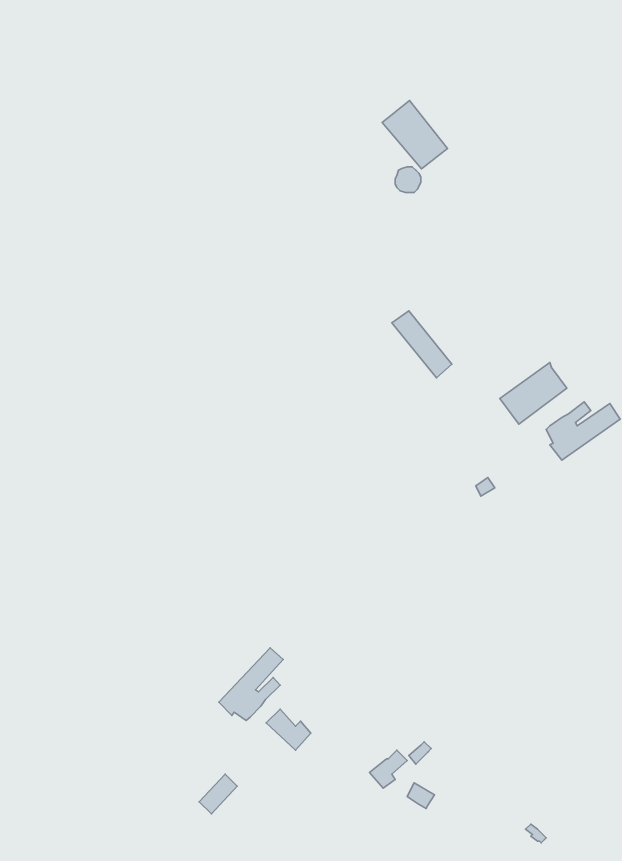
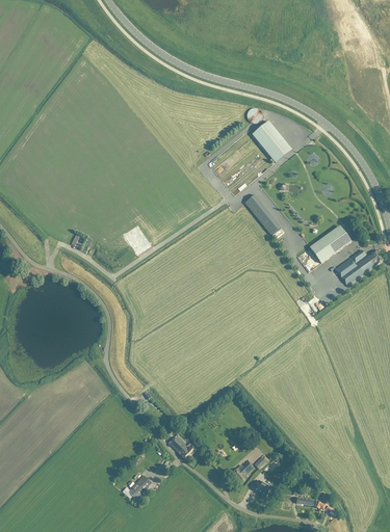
building: [382,100,447,169] -> [251,119,290,161]
building: [219,648,283,720] -> none

